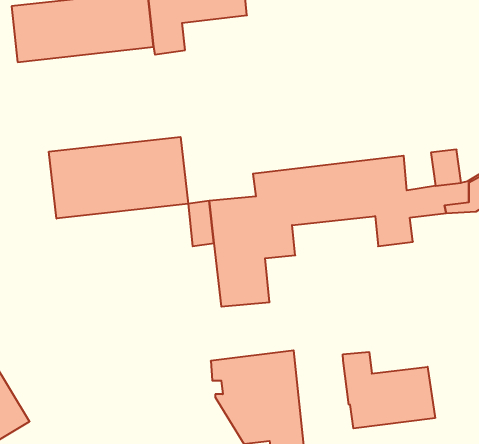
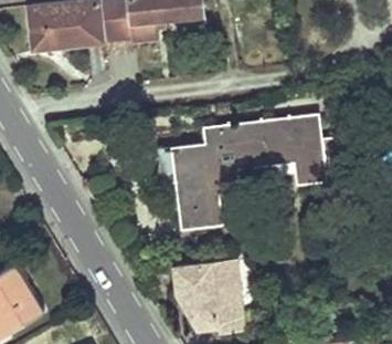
building: [49,137,188,219] -> none
building: [343,352,435,428] -> none

